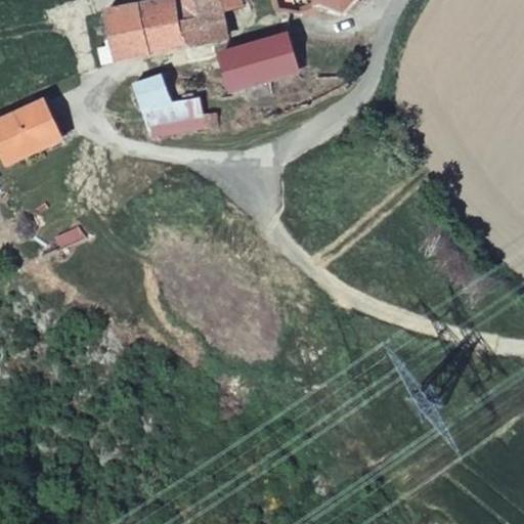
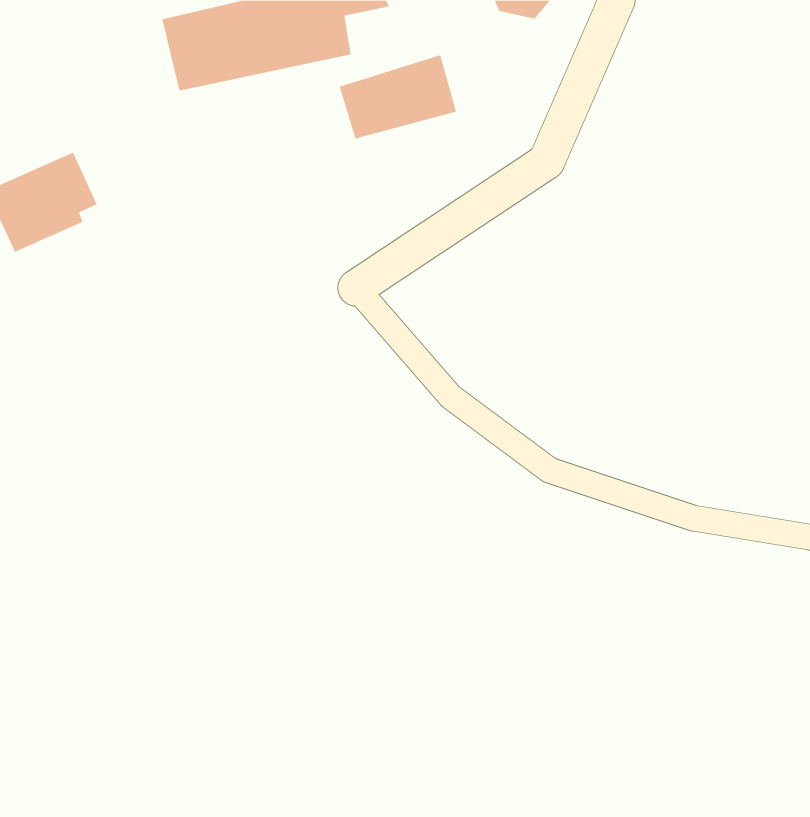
building: [131,73,215,136] -> none

